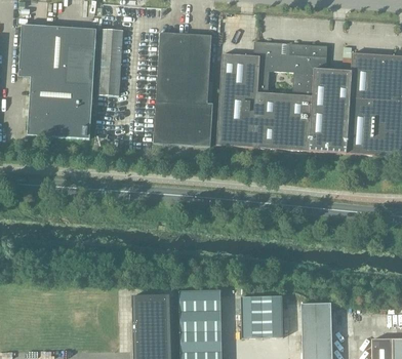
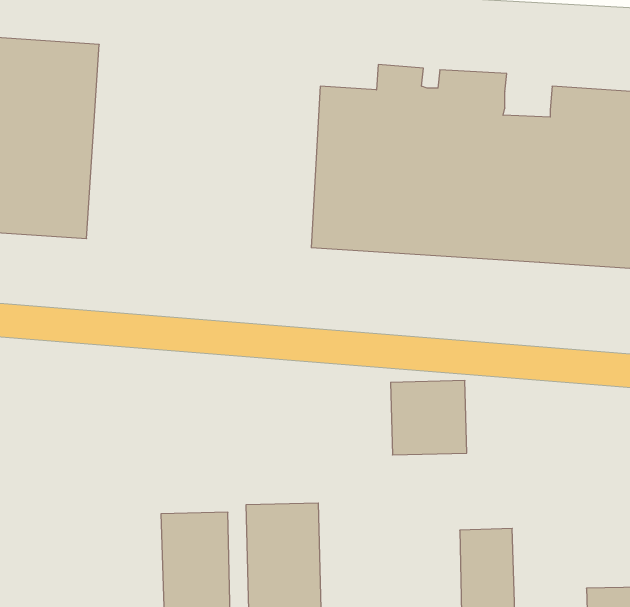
building: [97,29,123,96] -> none
building: [155,33,213,146] -> none
building: [240,296,283,338] -> [391,381,467,455]

